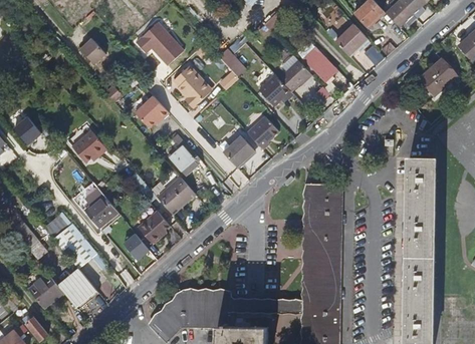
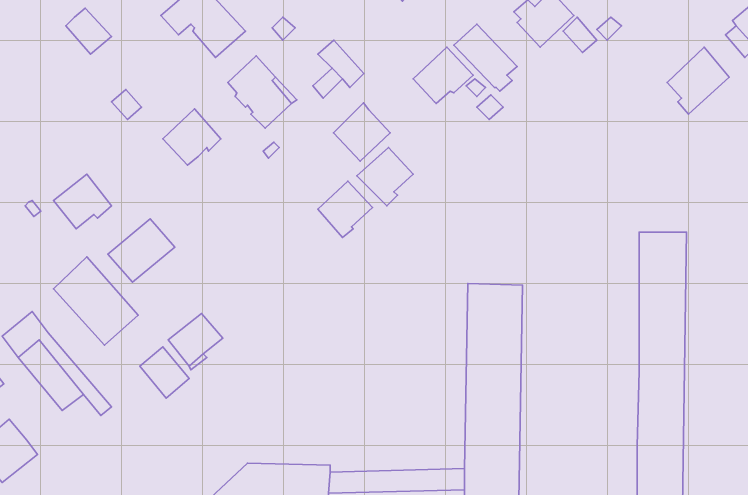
building: [257,73,289,106] -> [334,103,390,161]
building: [168,144,199,174] -> none
building: [156,176,194,212] -> [108,219,175,282]
building: [57,267,96,305] -> none

